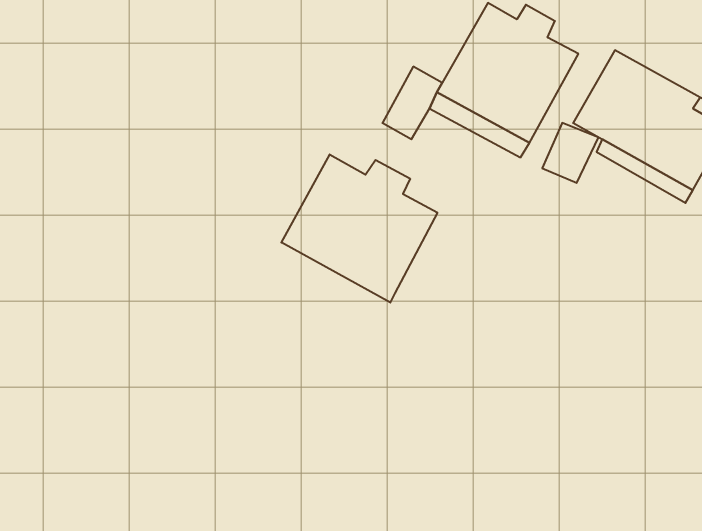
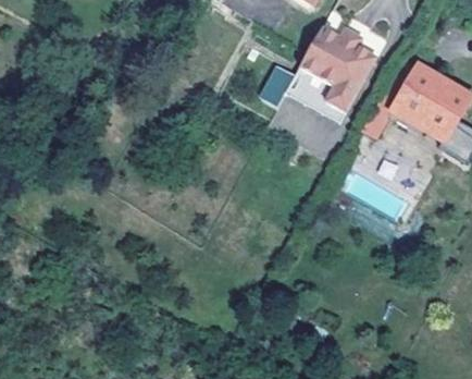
building: [281,154,437,303] -> none

